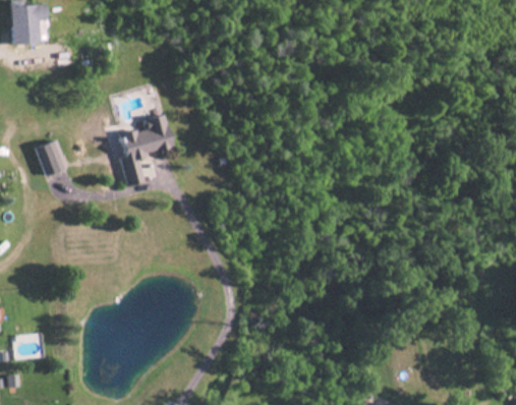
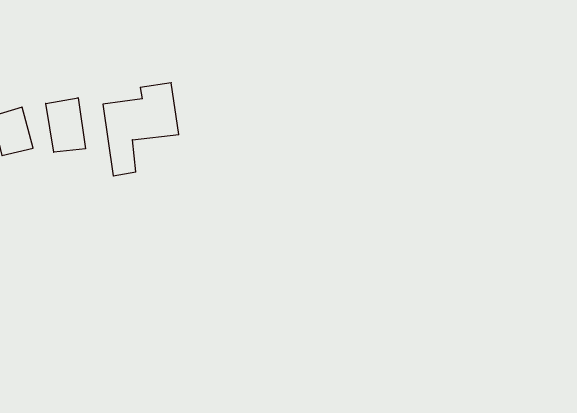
building: none -> [46,98,85,152]

